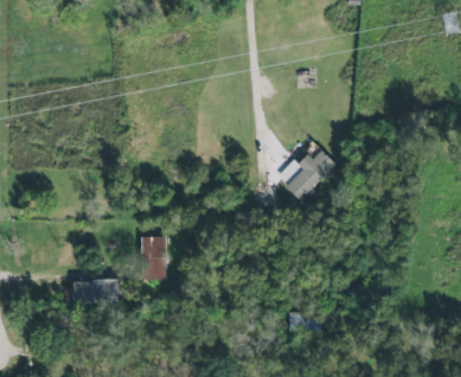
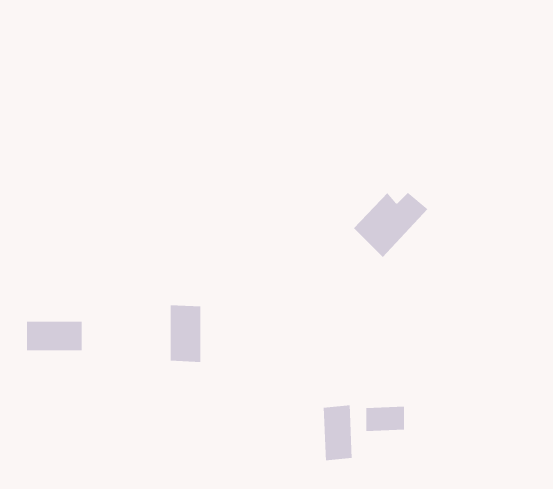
building: [72,280,115,302] -> [26,321,82,351]
building: none -> [323,405,352,461]

